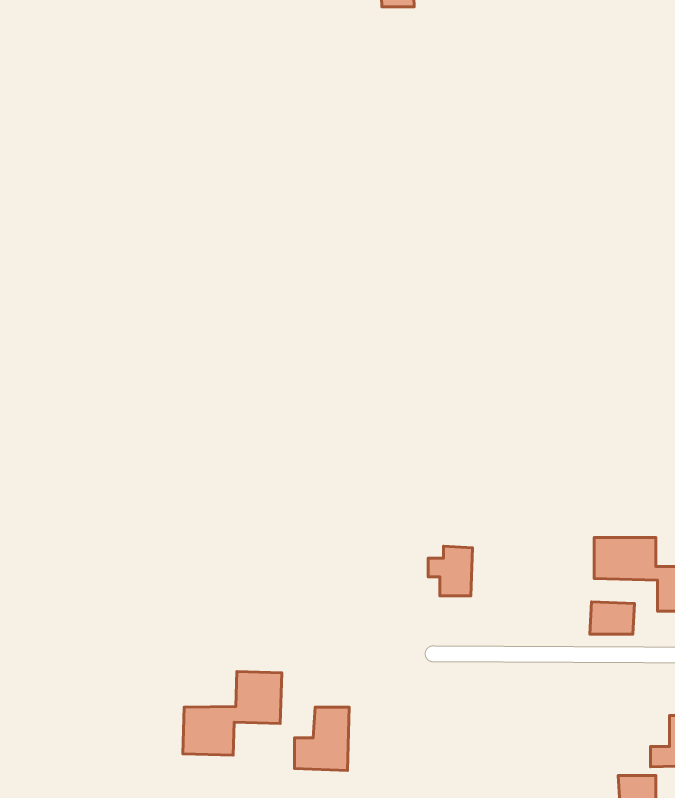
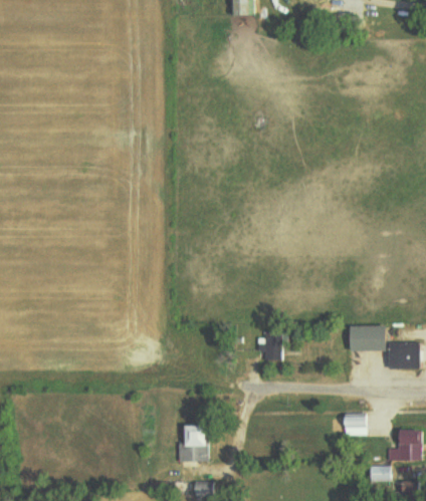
building: [590,602,634,634] -> [341,415,367,434]
building: [183,672,282,755] -> none

